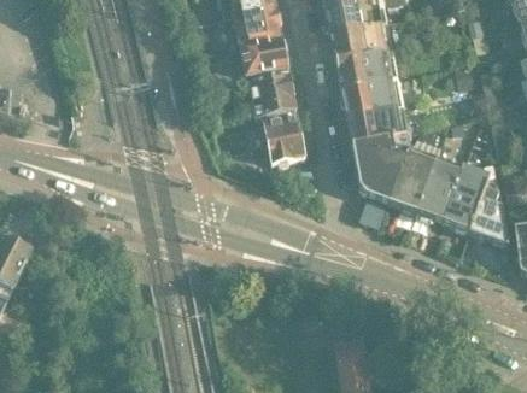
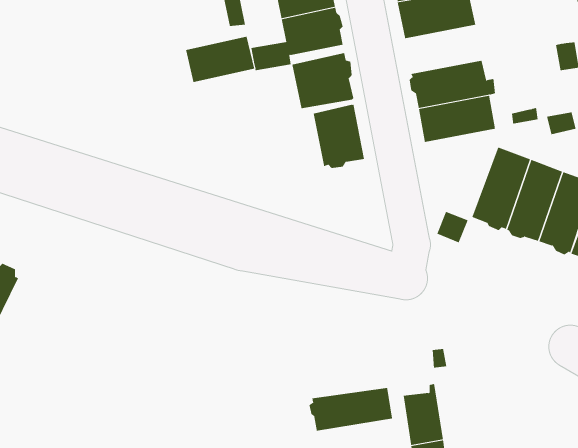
building: [336,49,398,88] -> none
building: none -> [186,36,255,83]
building: [352,131,411,201] -> none
building: none -> [309,387,396,431]

